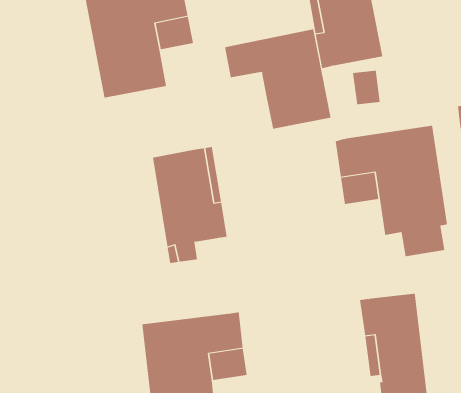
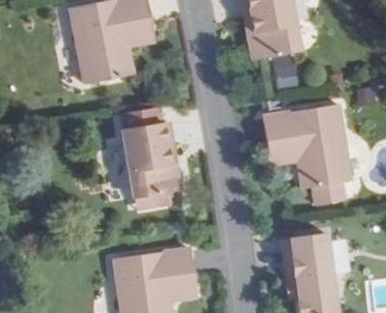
building: [224,29,331,130] -> none

